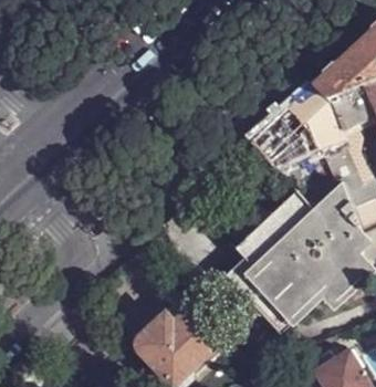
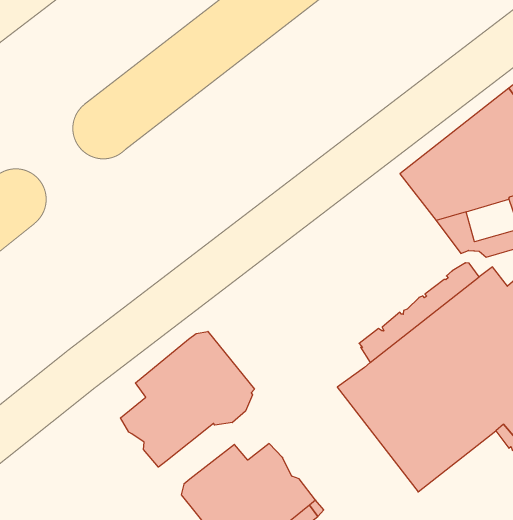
building: none -> [120,331,254,467]

